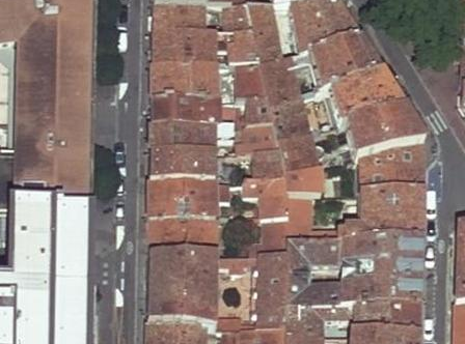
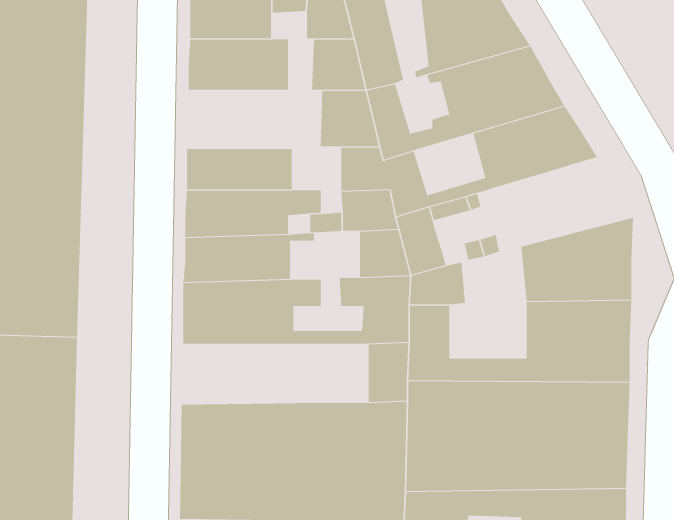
building: [152,75,216,110] -> none
building: [341,115,422,169] -> none
building: [148,228,232,264] -> none

